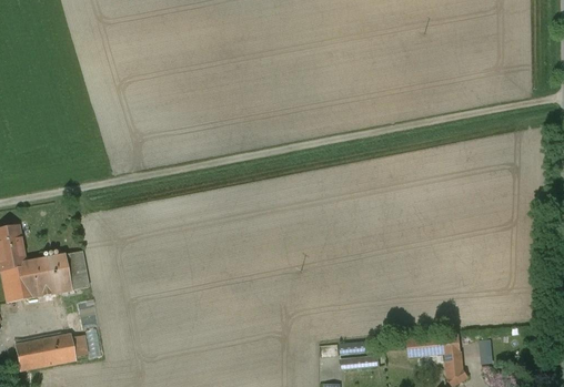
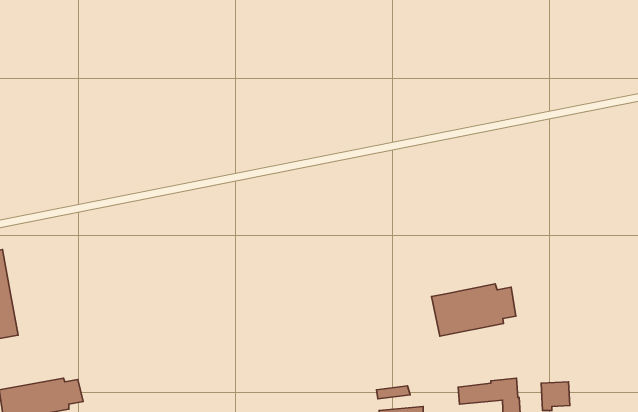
building: [24,251,88,297] -> none
building: none -> [431,284,516,336]

